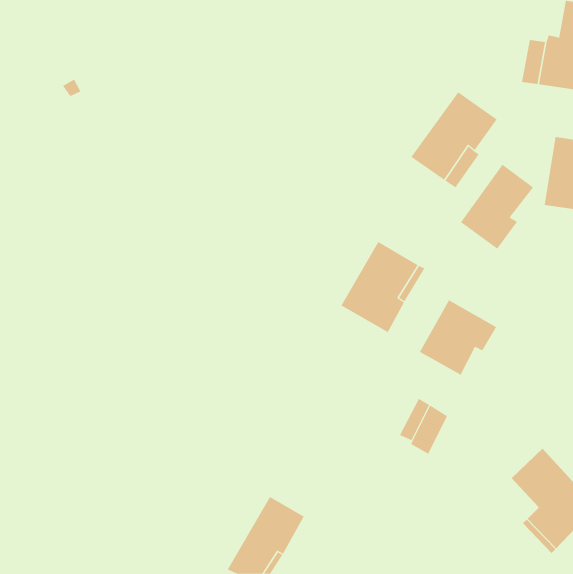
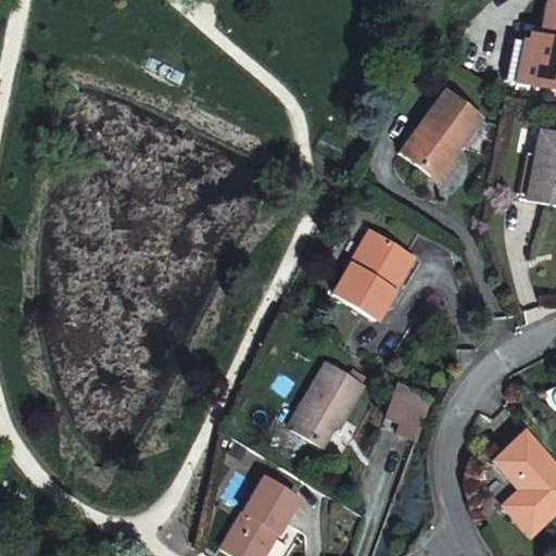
building: [460,164,534,250] -> none
building: [419,299,497,375] -> none
building: none -> [288,364,363,445]

